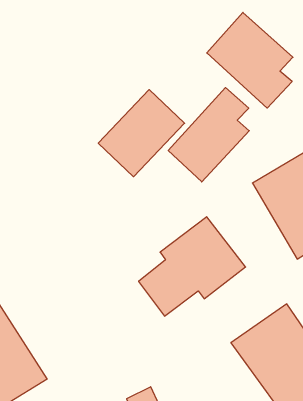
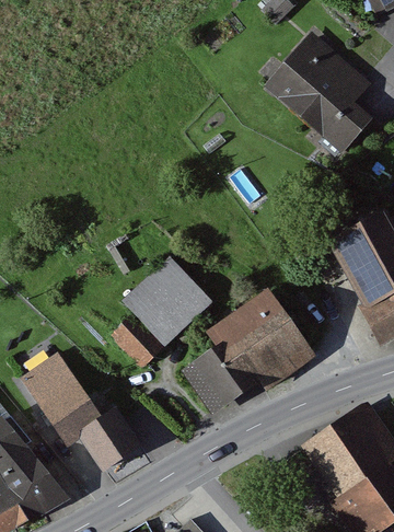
building: [168,88,249,182] -> none
building: [98,90,185,177] -> [105,256,215,367]
building: none -> [26,351,143,477]

